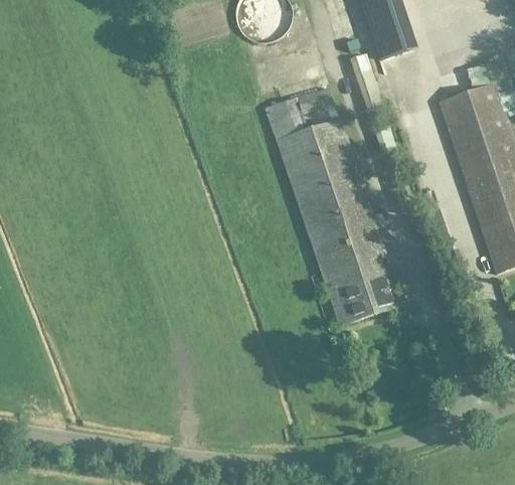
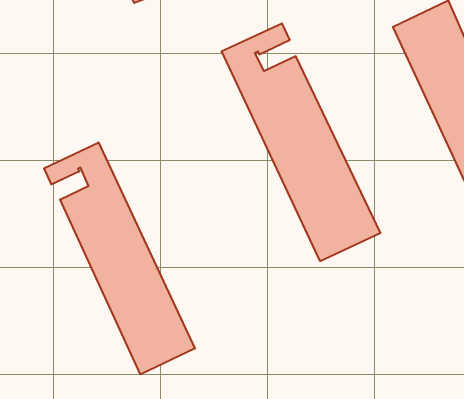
building: none -> [44,142,195,374]

